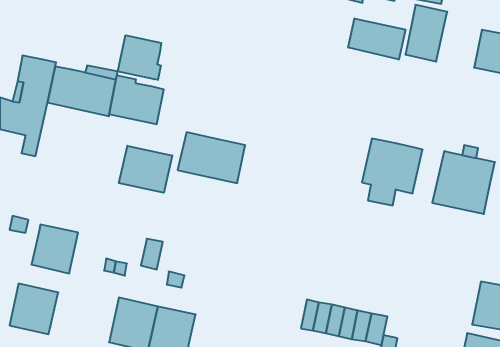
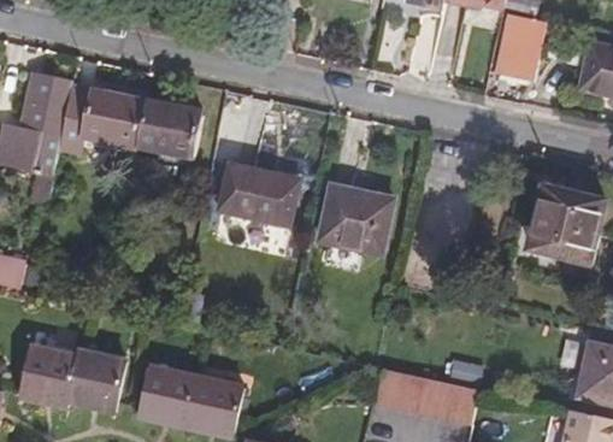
building: [348,18,405,60] -> none
building: [118,35,161,80] -> none
building: [362,139,423,205] -> [318,187,391,267]
building: [119,146,172,193] -> none
building: [31,225,78,273] -> [65,353,122,412]

